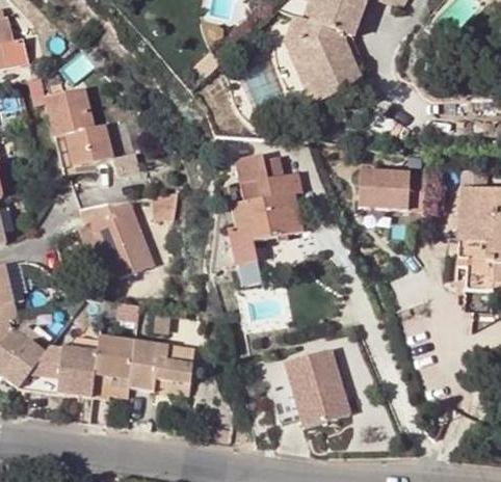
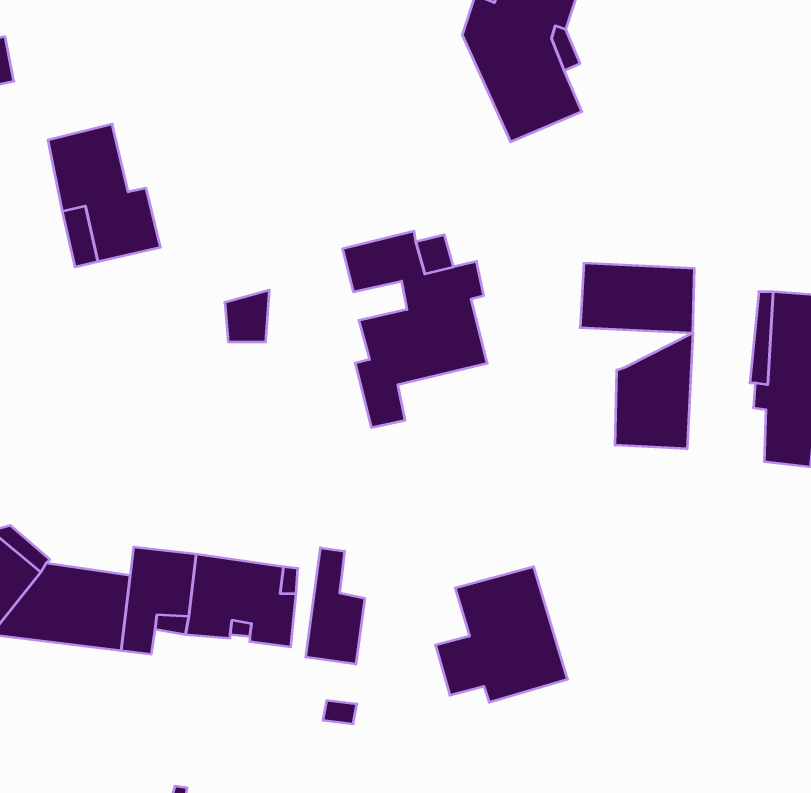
building: [81,196,154,283] -> none
building: none -> [615,333,693,449]
building: none -> [306,548,365,664]

